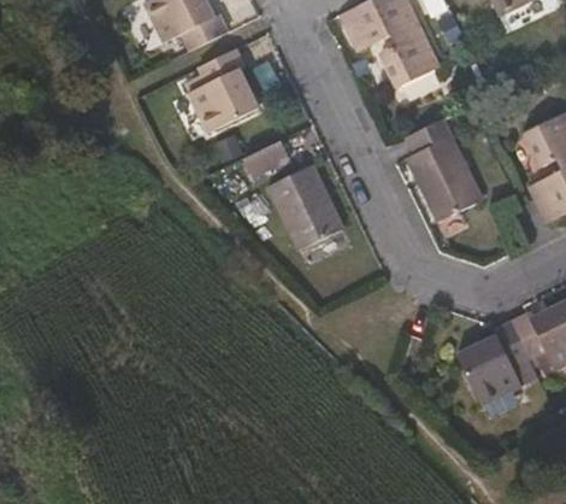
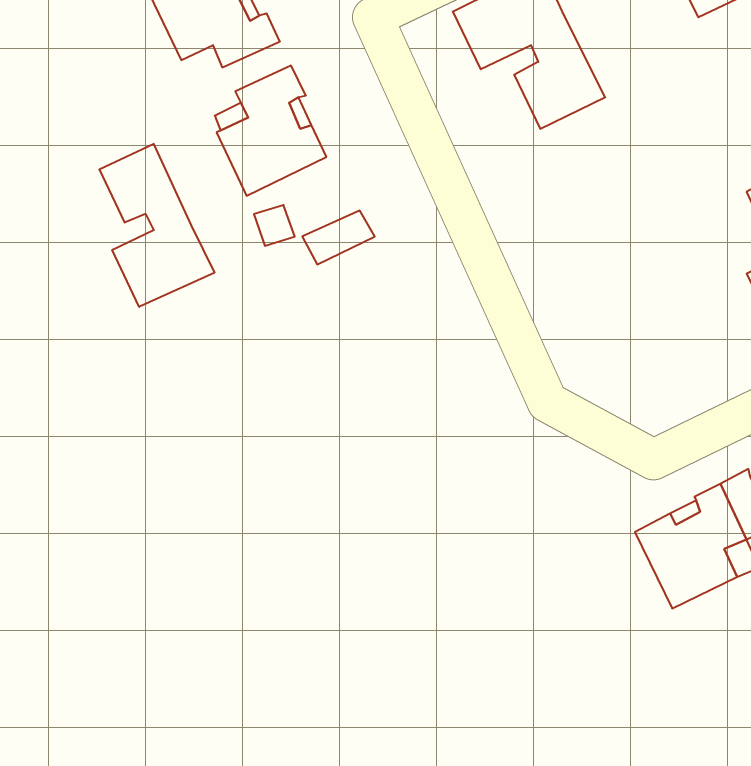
building: none -> [99,144,214,307]
building: [412,117,484,218] -> none
building: [270,168,343,250] -> none

